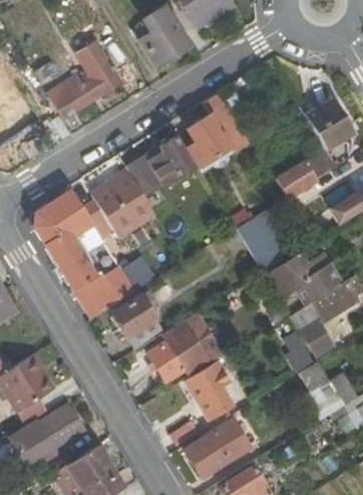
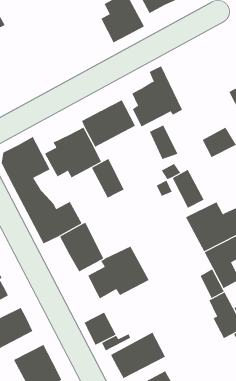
building: [46,38,124,119] -> none
building: none -> [149,125,178,160]
building: none -> [91,158,124,198]
building: [189,373,230,415] -> [84,312,117,346]

